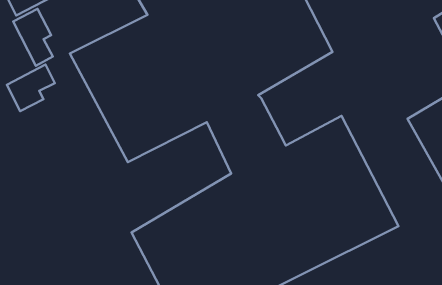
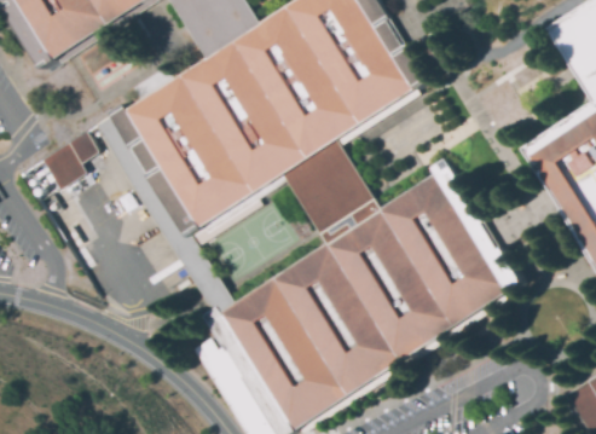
building: [13,9,53,66] -> none

